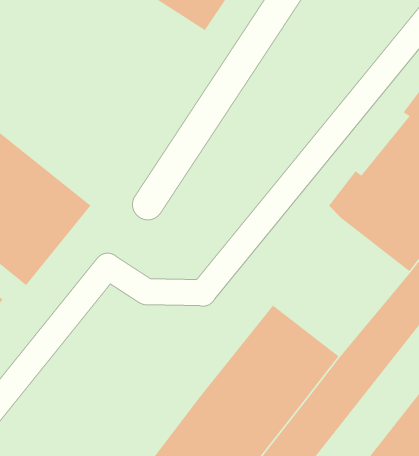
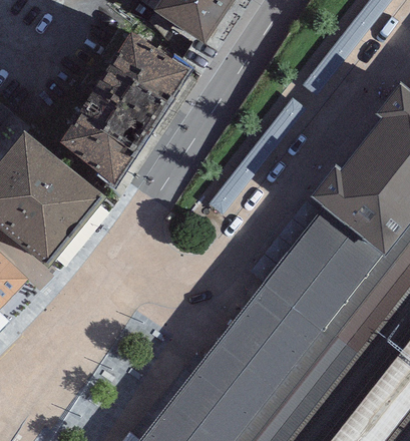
building: none -> [56,35,189,186]
building: none -> [264,210,383,330]

